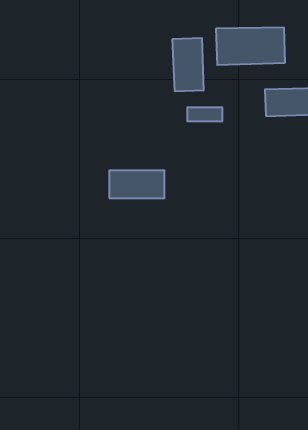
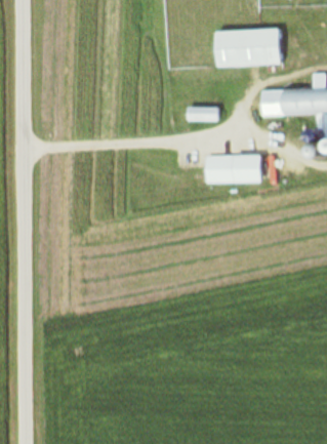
building: [173,38,203,91] -> none
building: [109,170,165,198] -> [206,157,259,184]

